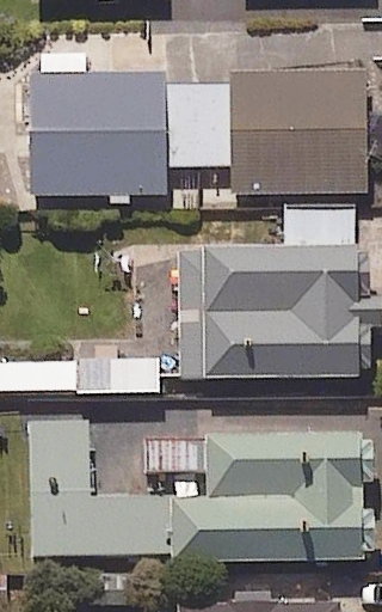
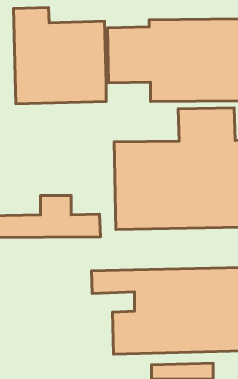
building: [31,423,172,555] -> none

